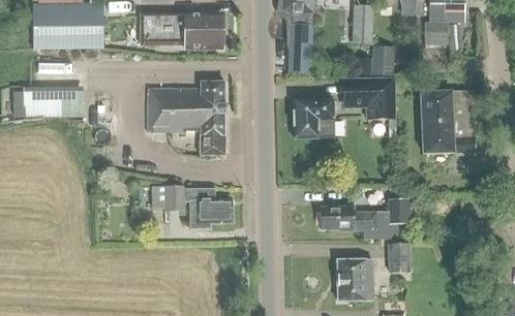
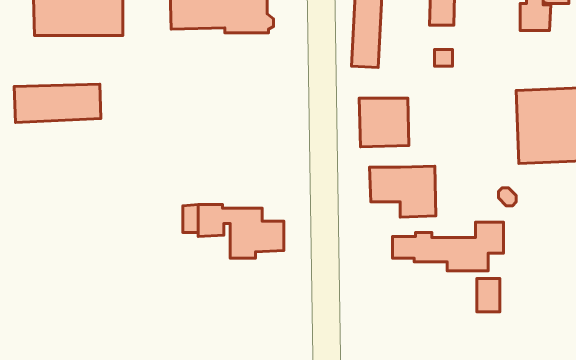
building: [374,43,396,71] -> none
building: [341,77,395,119] -> [370,166,436,217]
building: [148,81,228,155] -> none
building: [337,257,372,299] -> none

